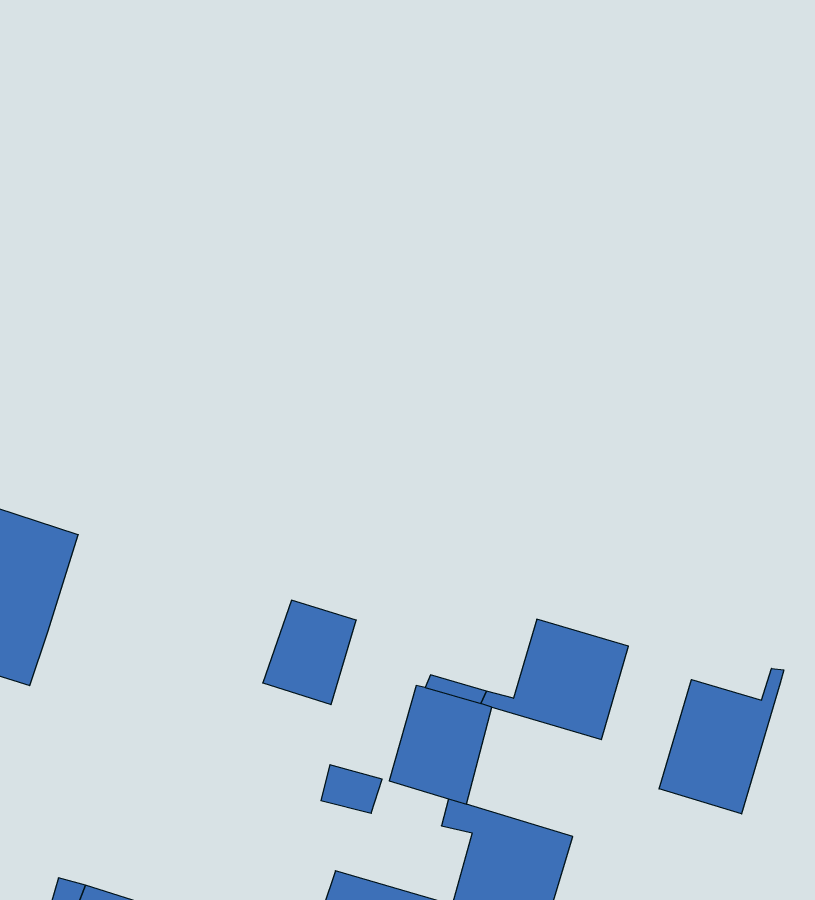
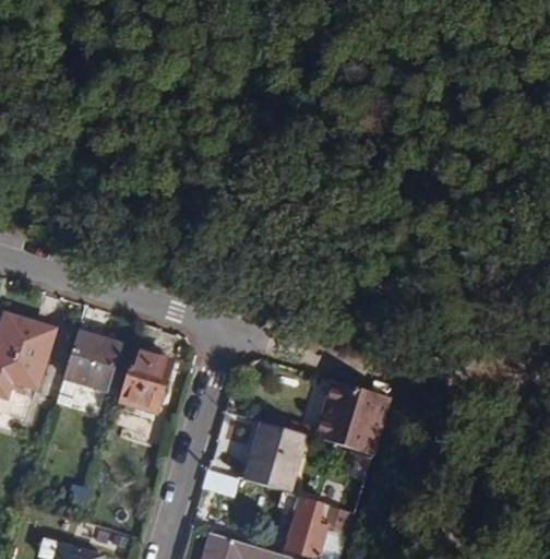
building: none -> [62,331,119,392]
building: [263,600,356,705] -> [117,350,174,414]
building: [659,668,784,814] -> none

